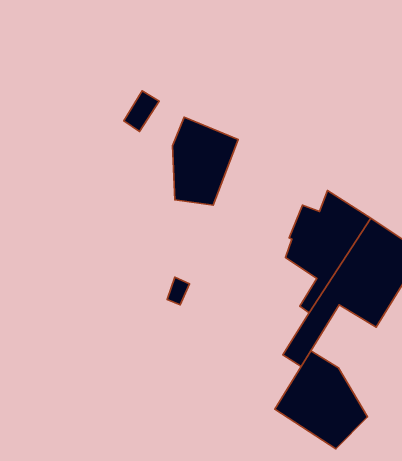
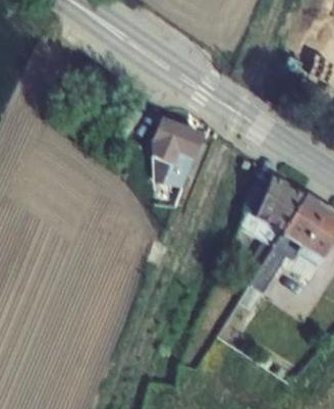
building: [275,351,368,449] -> none

